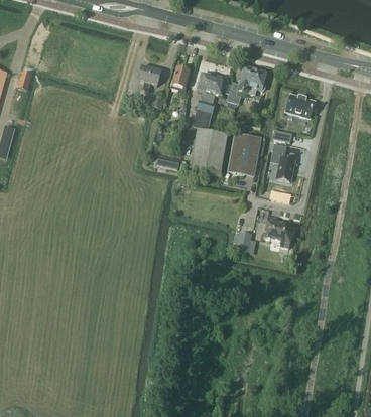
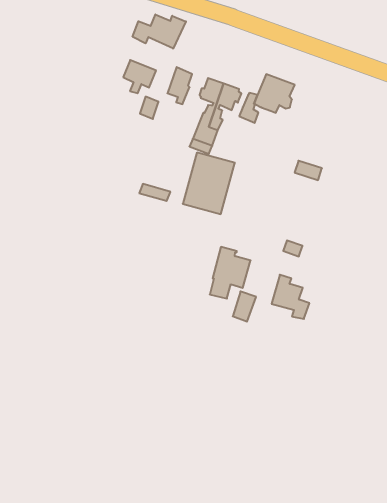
building: none -> [133,14,186,49]
building: [285,93,315,117] -> none
building: [231,133,259,171] -> [210,247,251,299]
building: [272,142,295,180] -> none

